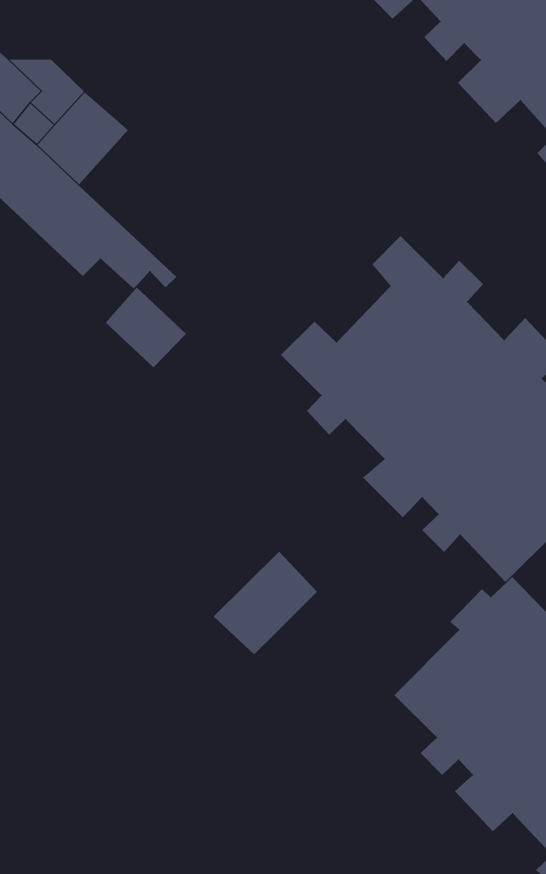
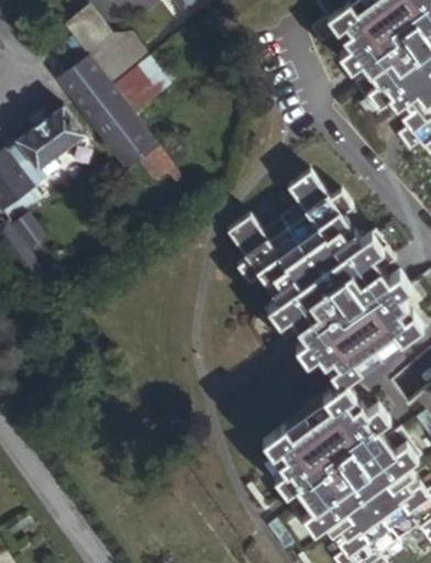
building: [105,286,187,368] -> none
building: [213,551,318,655] -> none

